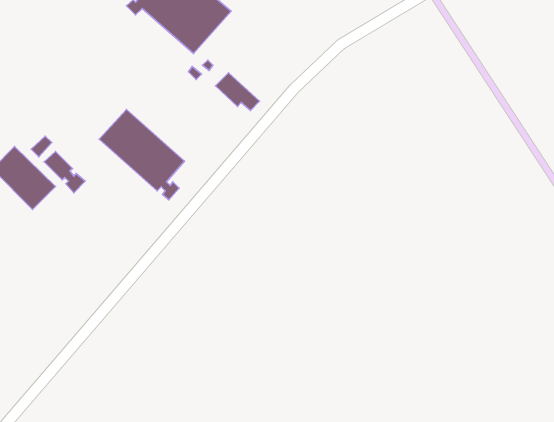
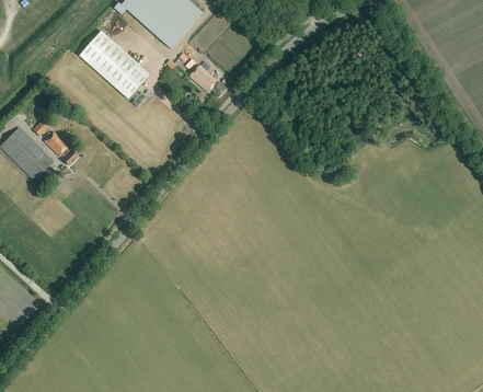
building: [99,110,184,200] -> [78,30,150,106]

